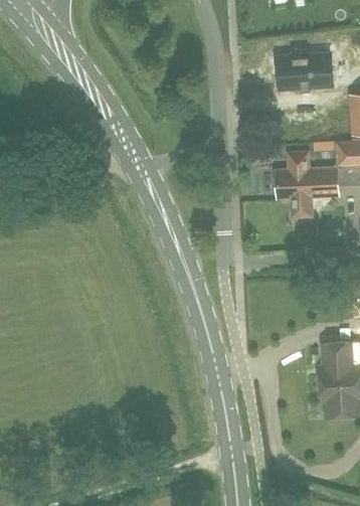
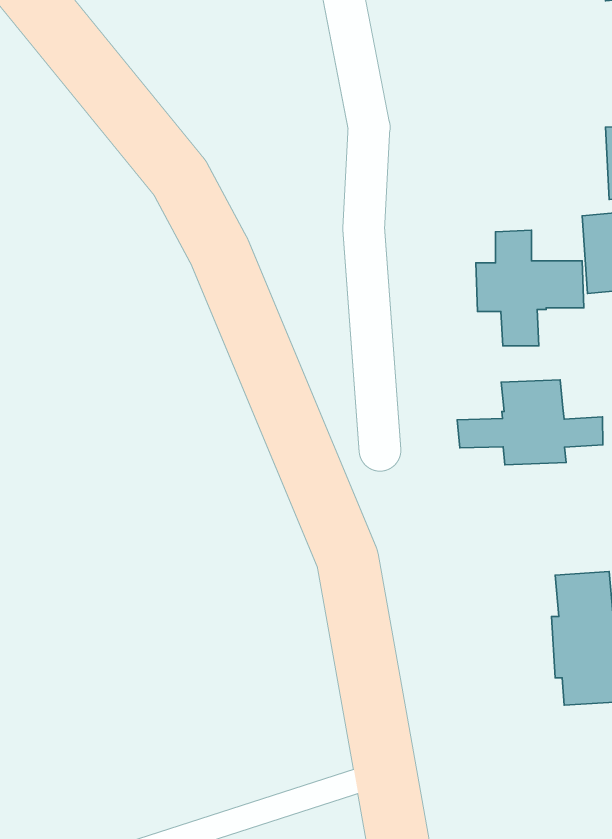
building: [279,51,333,89] -> none
building: none -> [457,380,603,465]

